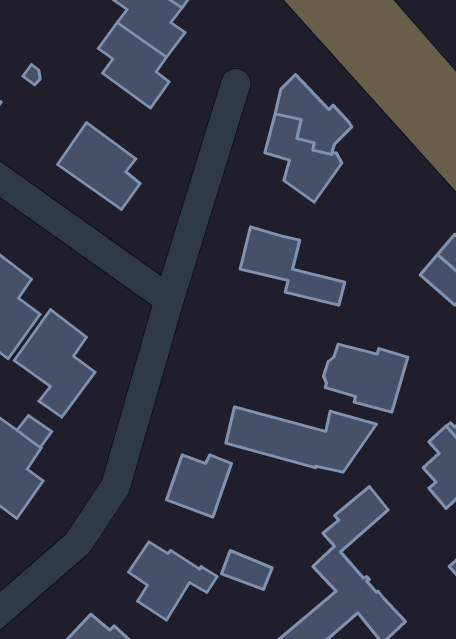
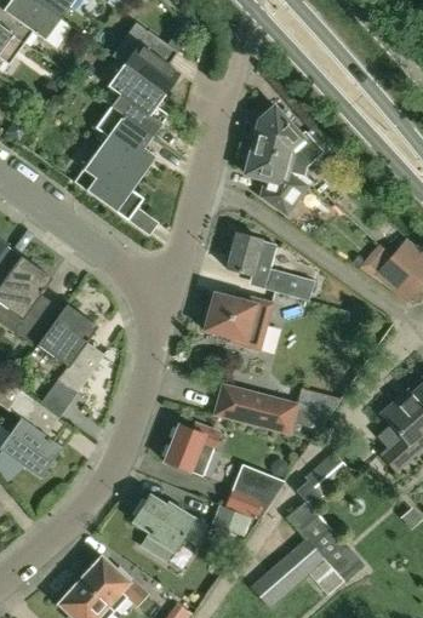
building: none -> [93,105,154,177]
building: [324,344,408,412] -> [201,293,271,350]
building: none -> [224,464,282,519]

